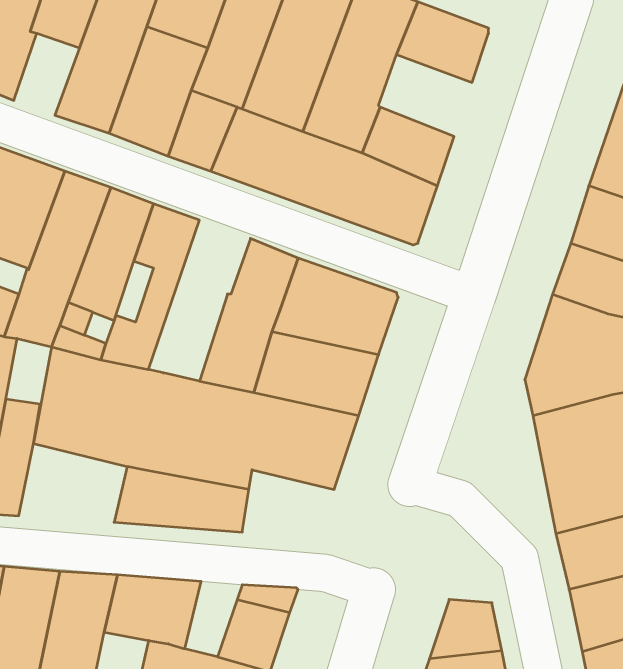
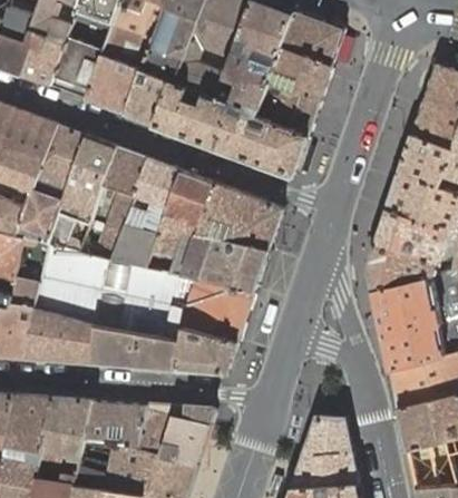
building: none -> [21,31,66,87]
building: none -> [269,46,332,101]
building: none -> [113,158,182,267]
building: none -> [25,310,98,363]
building: none -> [176,328,238,373]
building: none -> [137,403,176,455]

